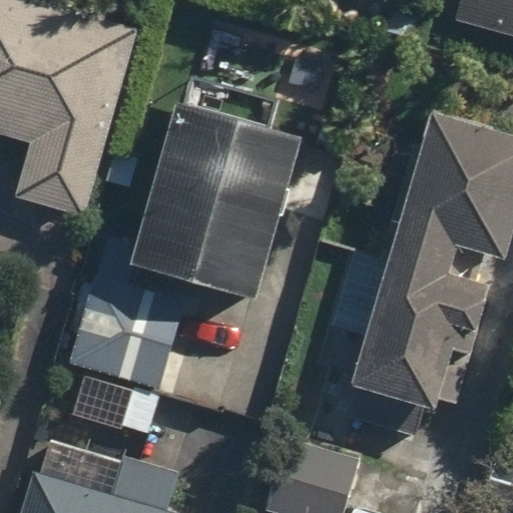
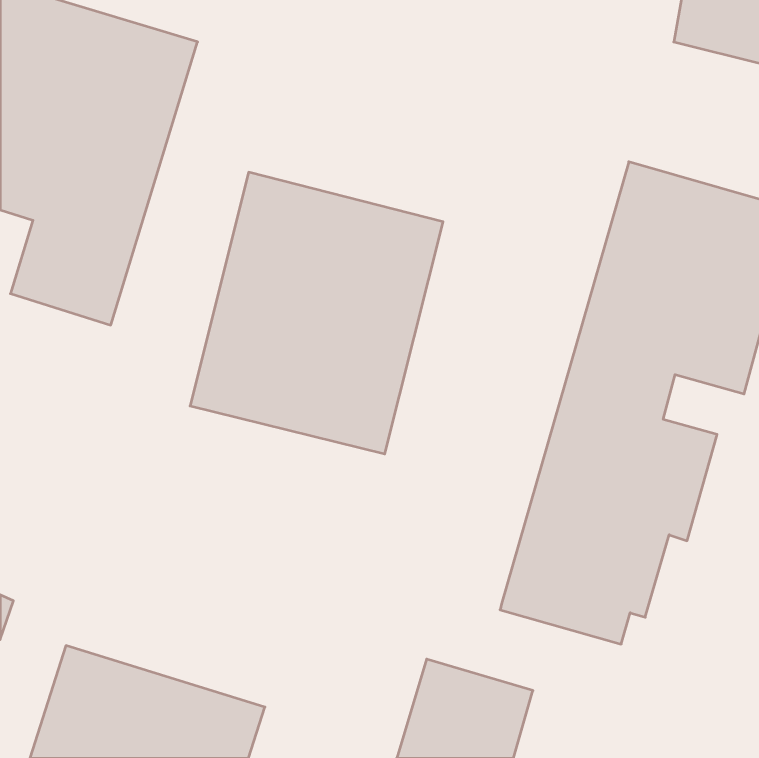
building: [74,288,184,438] -> none

